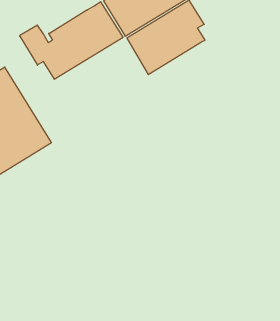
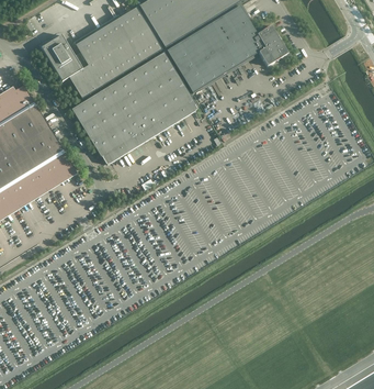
building: none -> [250,24,288,65]
building: none -> [71,52,196,164]

